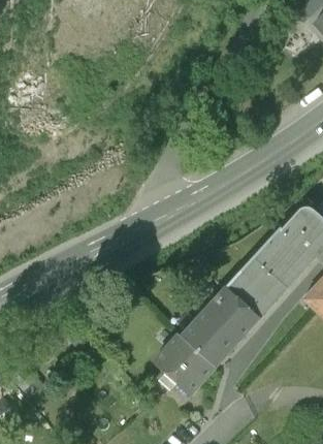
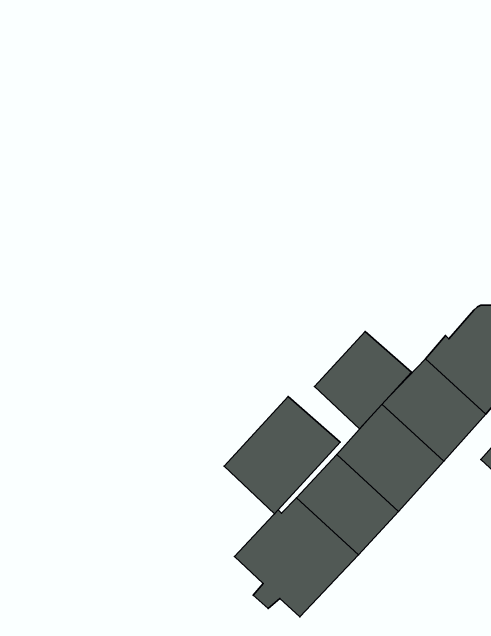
building: none -> [315,331,411,429]
building: none -> [224,397,340,514]

